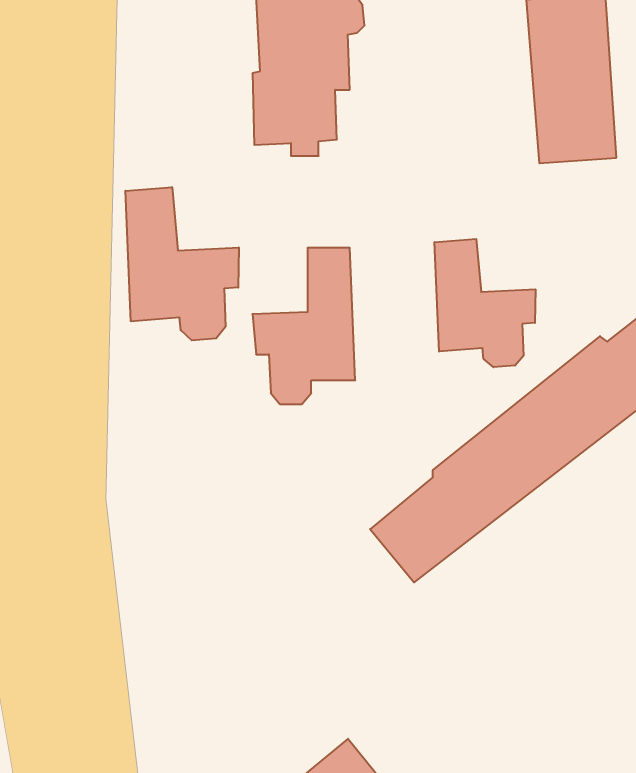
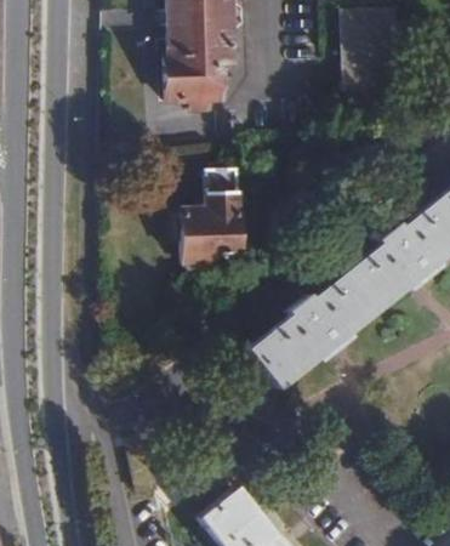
building: [125,187,239,340] -> none
building: [435,239,535,367] -> none

